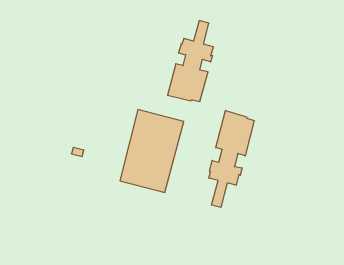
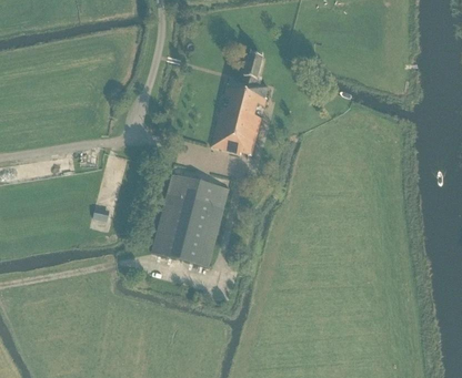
building: [209,110,254,207] -> none

